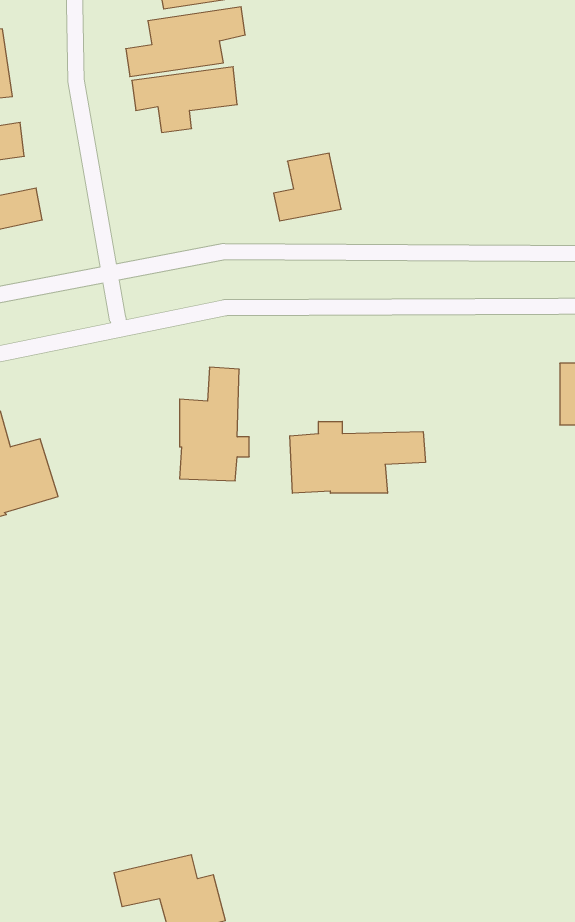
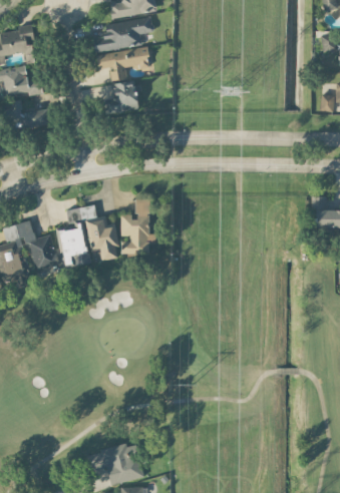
building: [274,153,341,221] -> [106,80,140,114]
building: none -> [60,205,118,267]
building: [290,421,425,493] -> none

